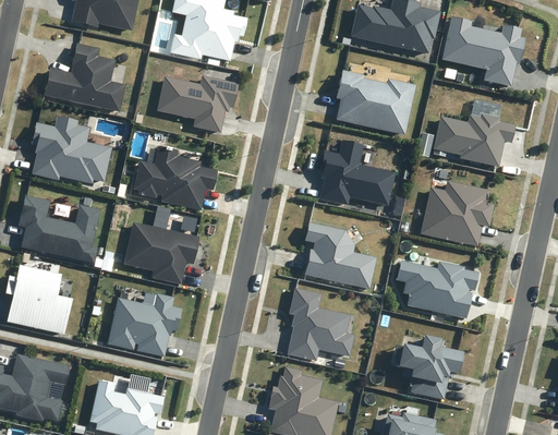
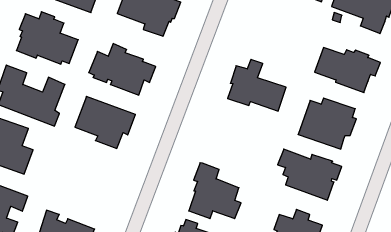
building: [332,70,413,135] -> none
building: [303,222,375,289] -> none
building: [107,292,182,355] -> none

